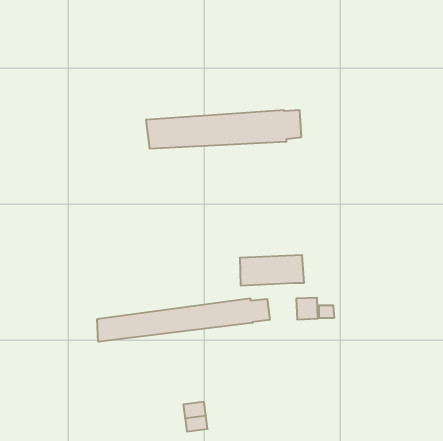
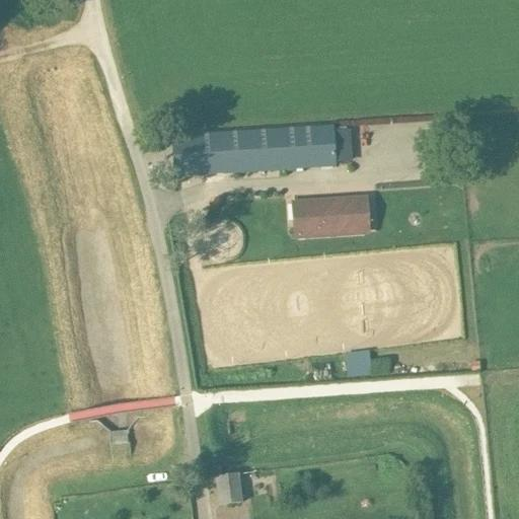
building: [240,255,304,286] -> [295,198,370,233]
building: [97,298,270,342] -> none

